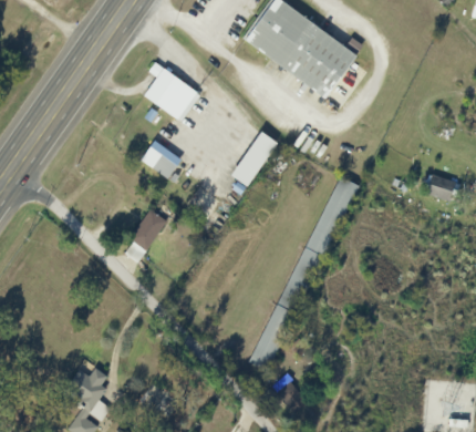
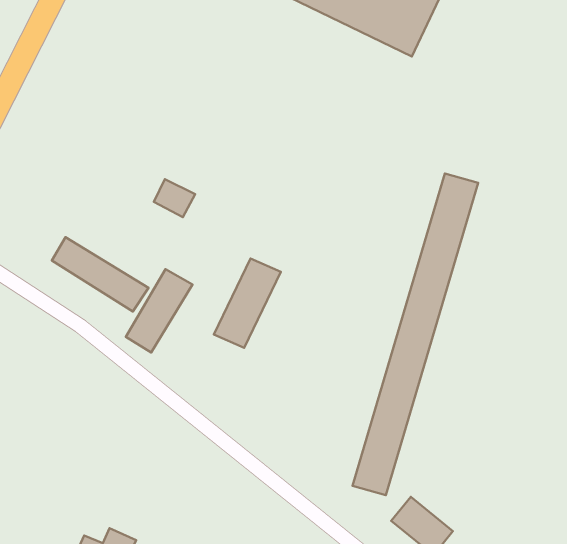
building: [143,62,198,119] -> none
building: [229,130,277,185] -> [214,259,281,348]
building: none -> [52,237,149,311]

